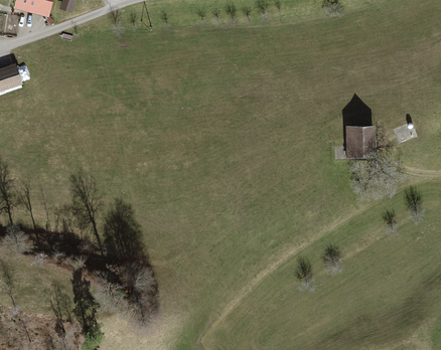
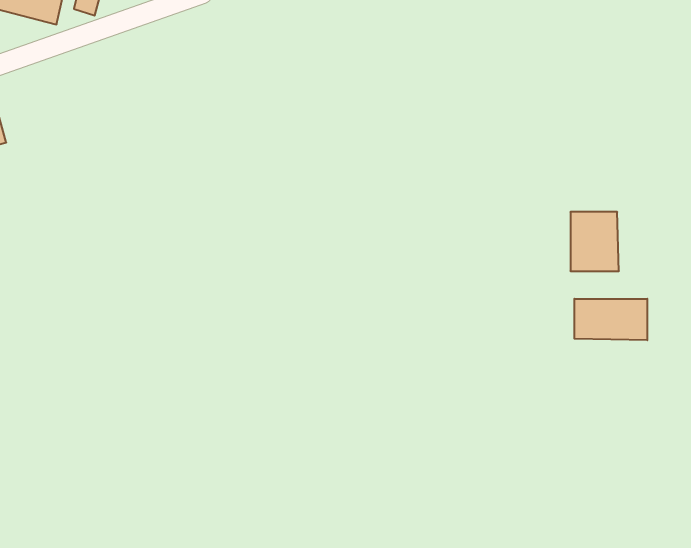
building: none -> [574,299,647,340]

